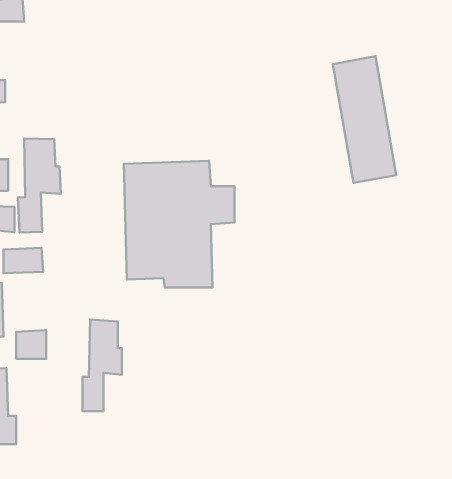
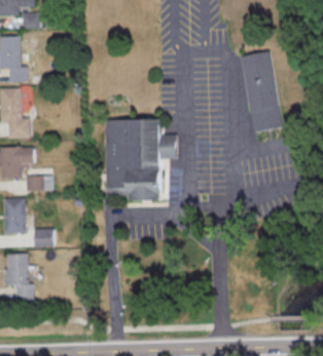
building: [18,138,61,233] -> none
building: [82,320,122,411] -> none

